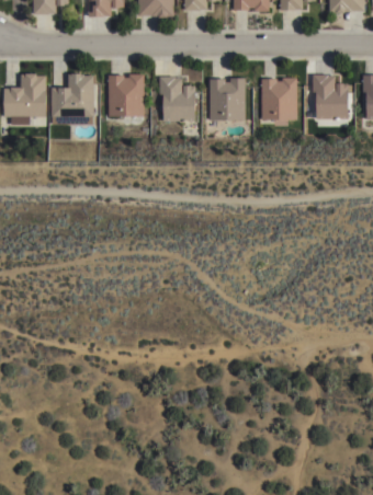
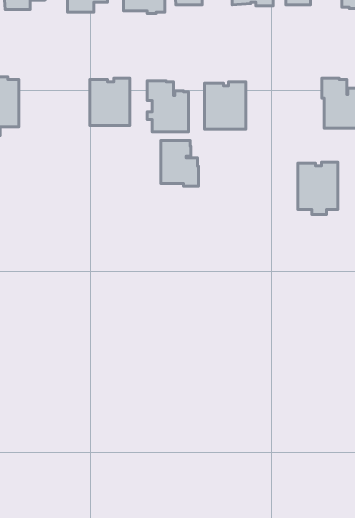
building: [52,73,94,117] -> none
building: [262,78,297,124] -> [298,162,338,214]
building: none -> [161,141,199,186]

